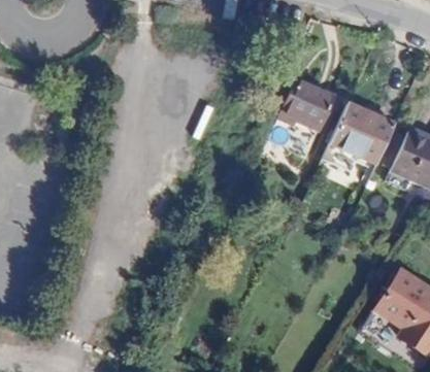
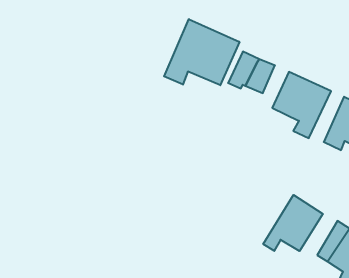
building: none -> [164,19,239,85]
building: none -> [263,195,323,251]

